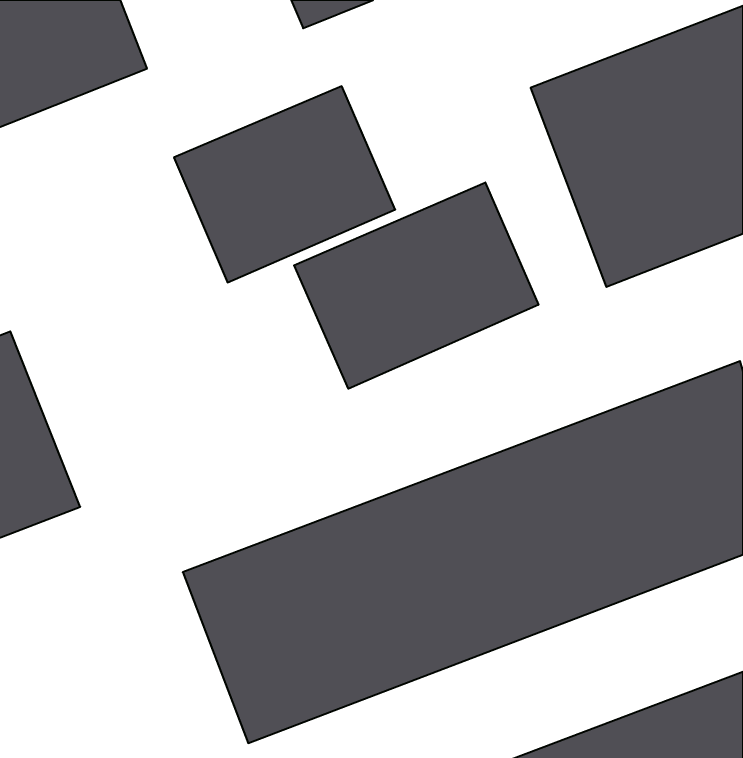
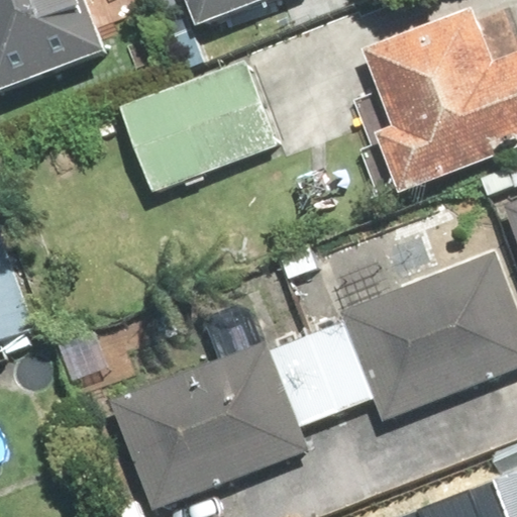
building: [294,182,538,389] -> none

